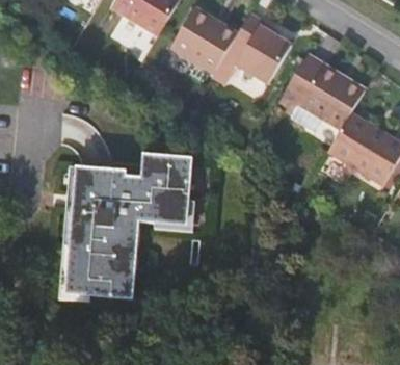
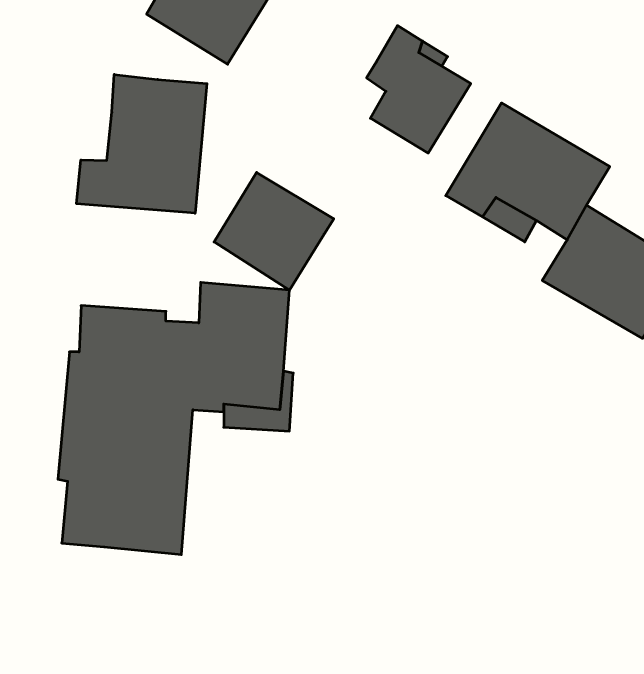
building: [174,9,238,73] -> [214,172,334,290]
building: none -> [77,74,207,213]
building: [59,164,91,302] -> none

